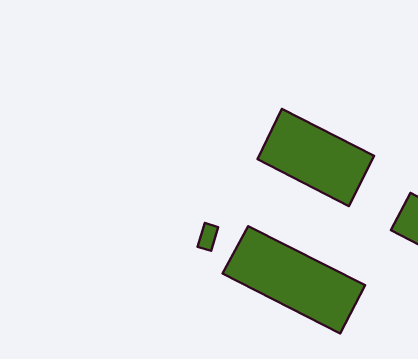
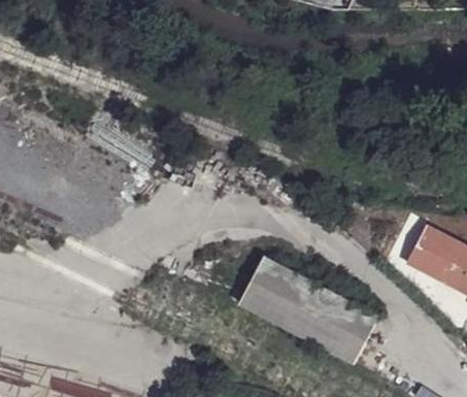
building: [258,109,374,206] -> none

